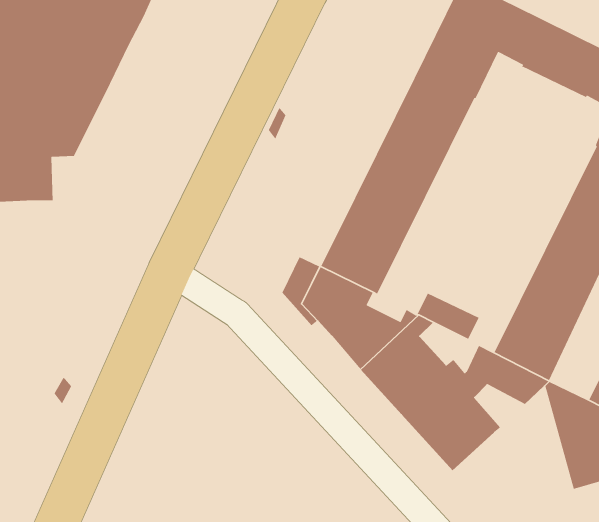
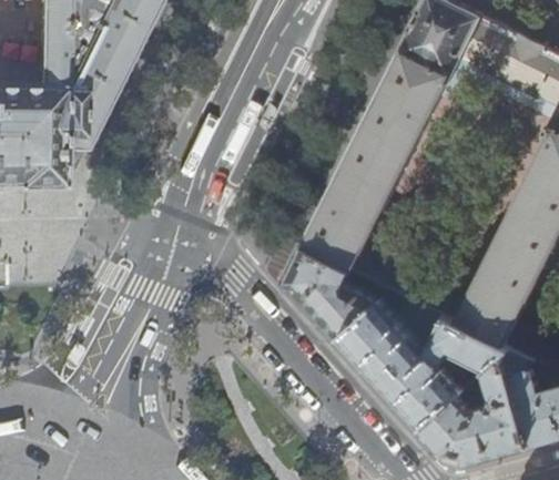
building: none -> [417,355,525,464]

